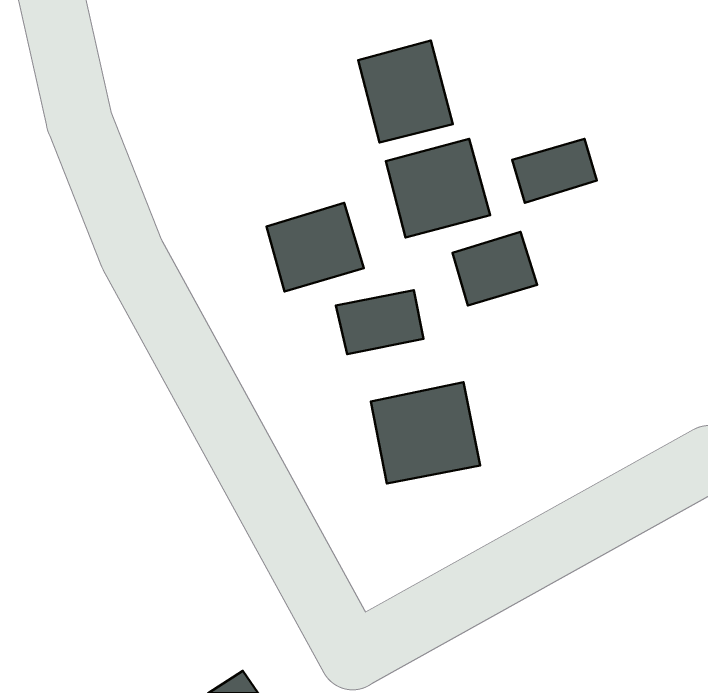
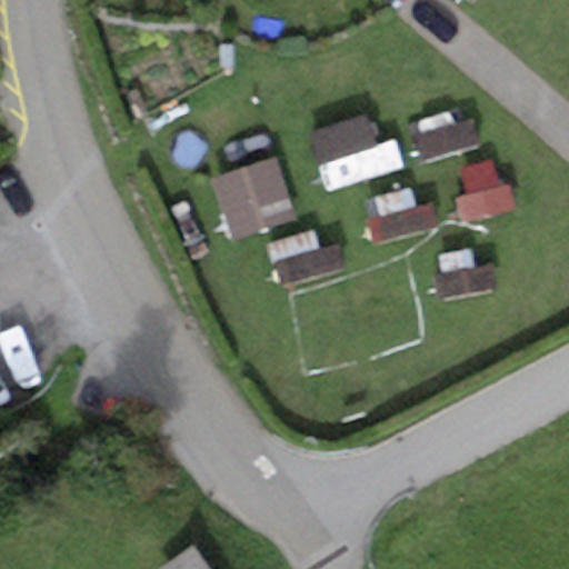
building: [358,41,453,143] -> none
building: [371,382,480,484] -> none

